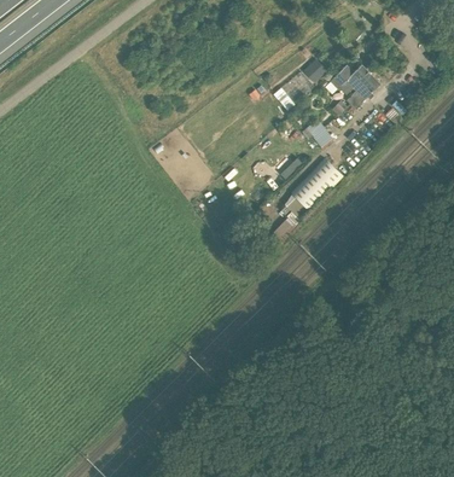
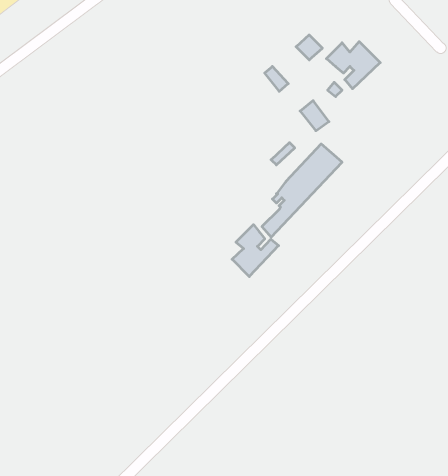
building: none -> [232,225,279,277]

